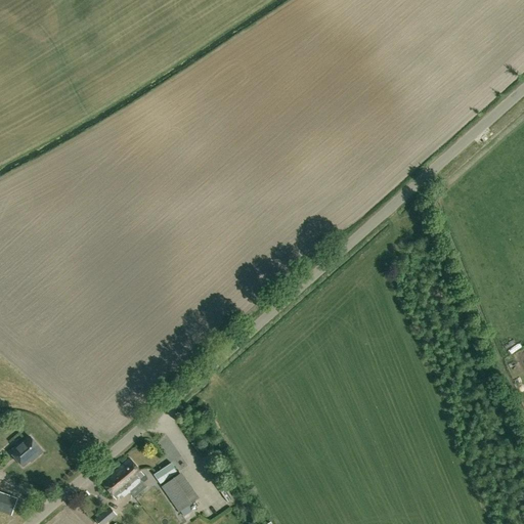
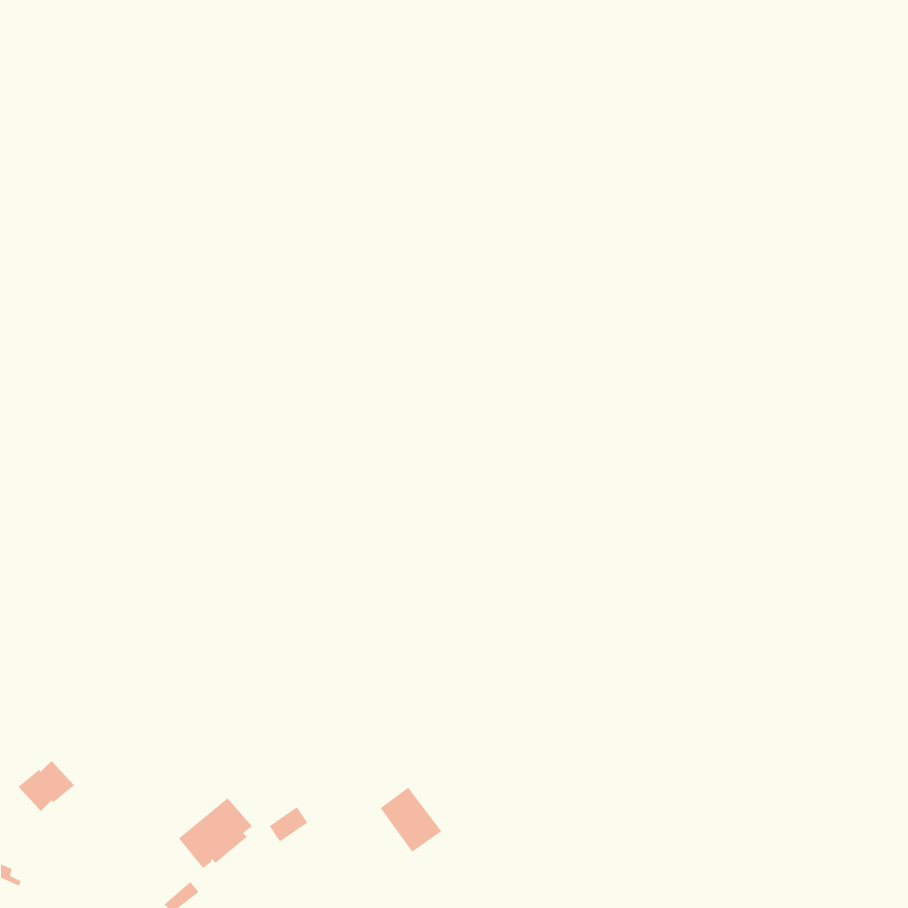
building: [163,476,199,514] -> [380,787,442,853]

